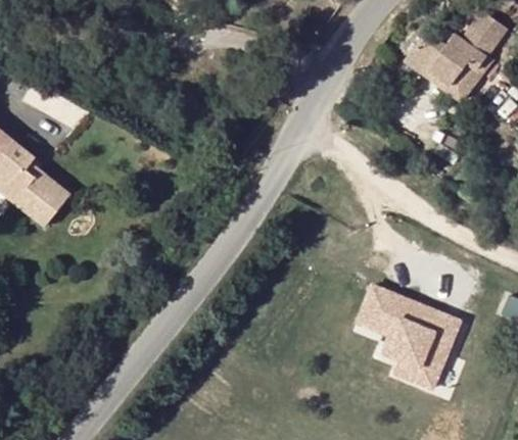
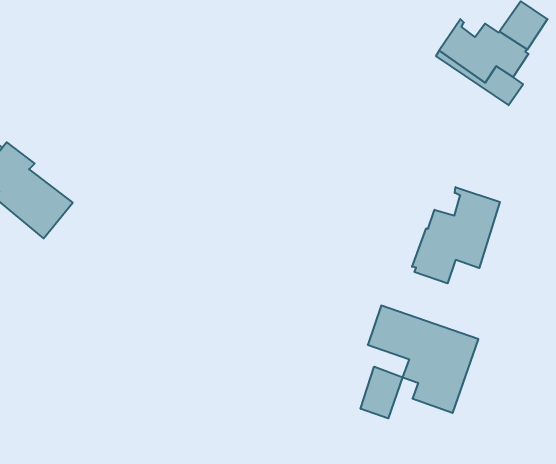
building: none -> [412,187,500,283]
building: none -> [361,367,402,418]

